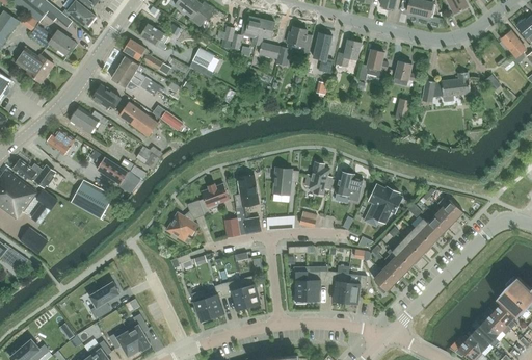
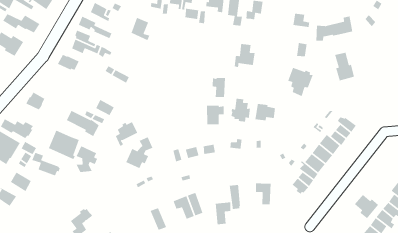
building: [358,50,388,81] -> [234,43,255,68]
building: [121,103,158,135] -> none
building: [70,107,108,134] -> none
building: none -> [334,52,355,82]
building: none -> [212,77,226,98]
building: [234,175,259,208] -> none
building: [198,183,229,214] -> [115,121,138,147]
building: [368,184,402,224] -> [287,67,314,97]
building: none -> [75,145,98,173]
building: none -> [31,152,61,177]
building: [307,272,327,300] -> [215,202,231,225]
building: [344,274,366,304] -> none
building: [203,284,224,317] -> none
building: none -> [354,194,379,219]

